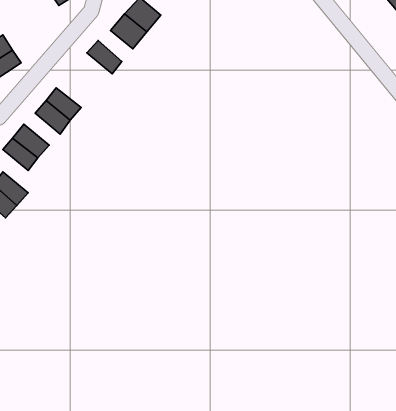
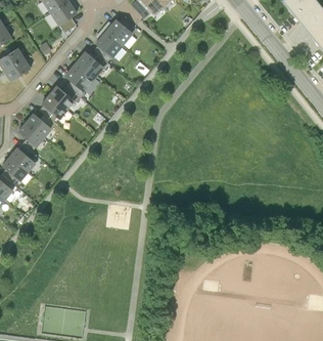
building: none -> [66,60,98,91]

